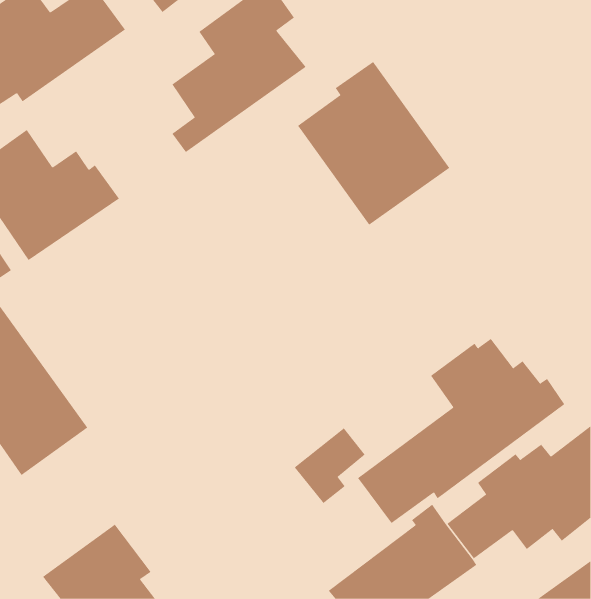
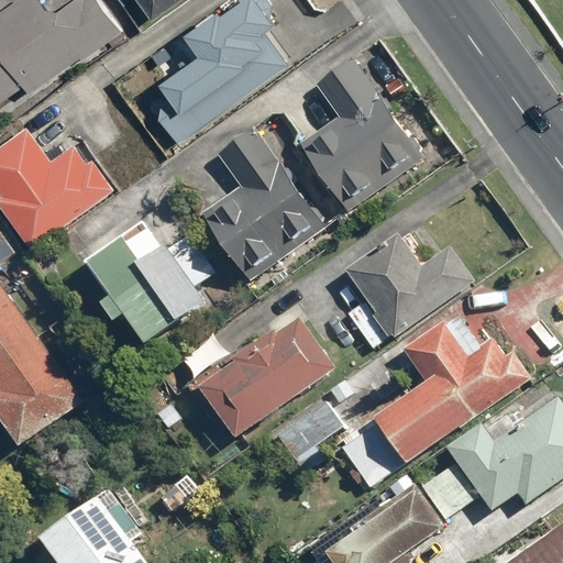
building: none -> [198,128,341,283]
building: none -> [87,221,217,349]
building: none -> [343,233,473,350]
building: none -> [181,313,336,448]

